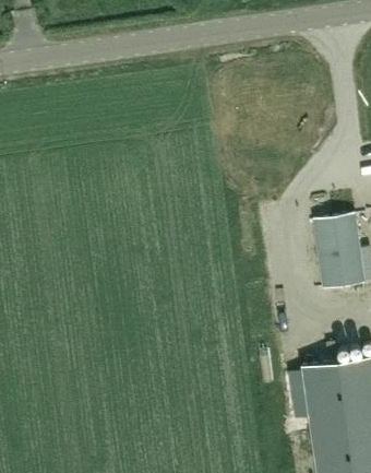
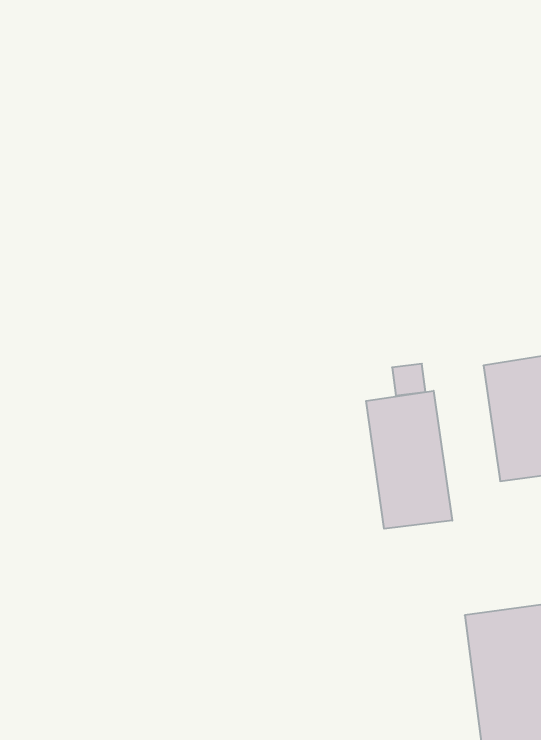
building: none -> [366,391,452,529]

